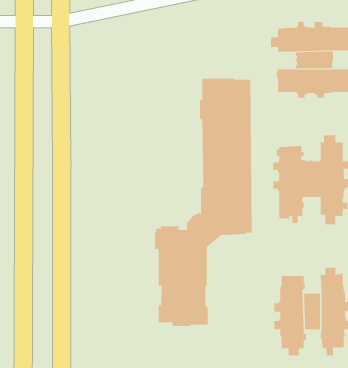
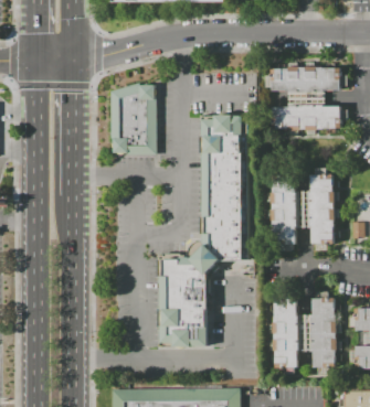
building: none -> [110,83,156,154]

